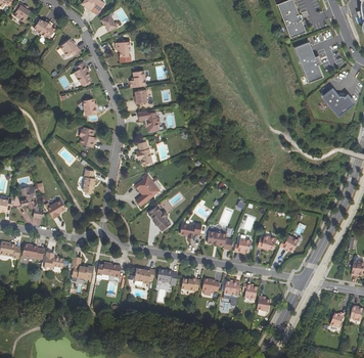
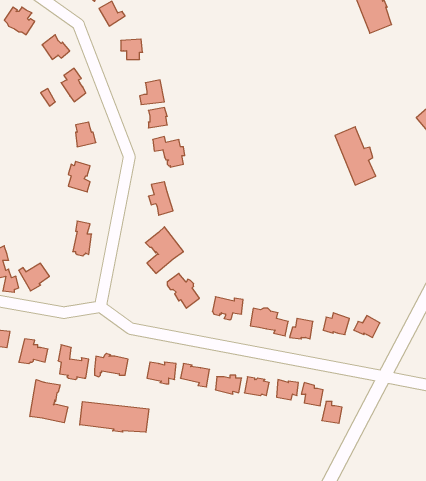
building: [294,41,323,82] -> [335,127,376,185]
building: none -> [30,380,68,423]
building: none -> [80,402,149,432]

